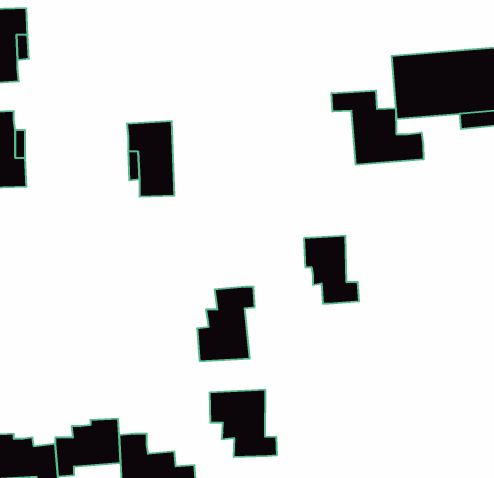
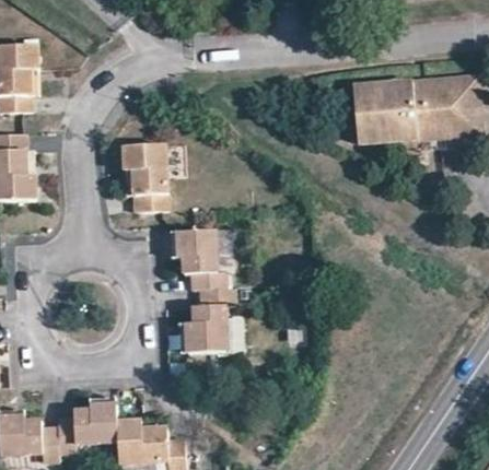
building: [332,90,424,165] -> none
building: [304,236,359,304] -> [176,230,224,289]
building: [210,390,277,457] -> none

